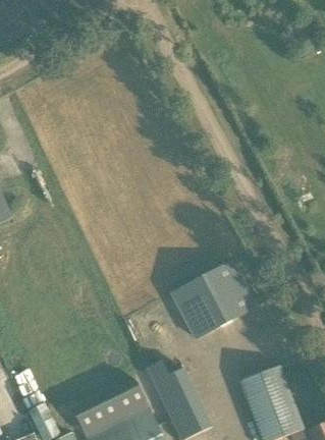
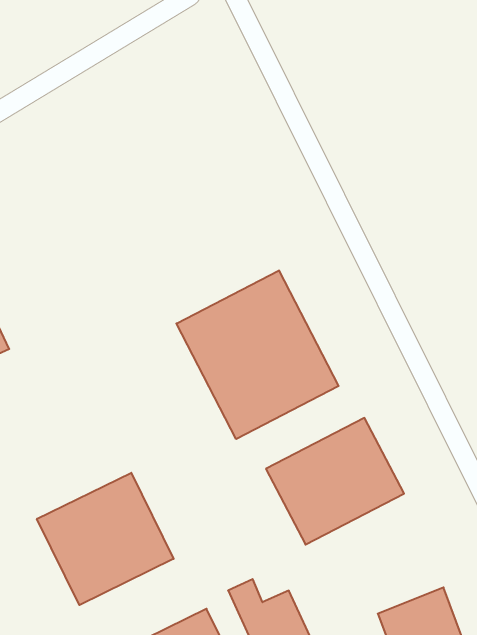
building: none -> [176,270,339,439]
building: none -> [37,473,174,605]

